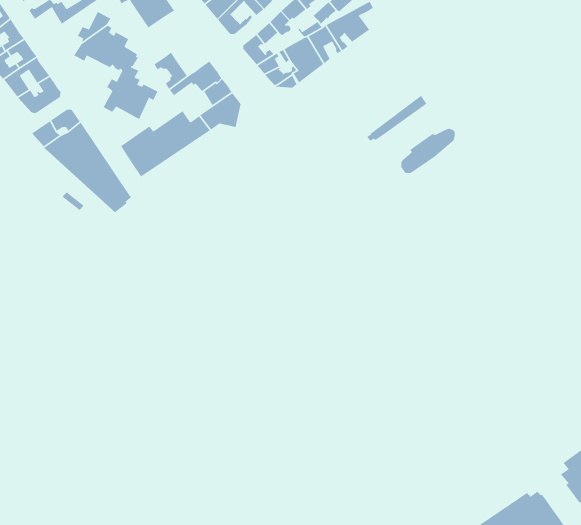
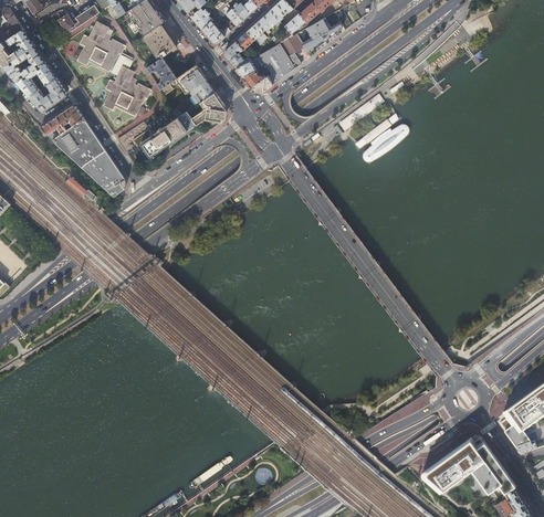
building: none -> [140,24,175,61]

